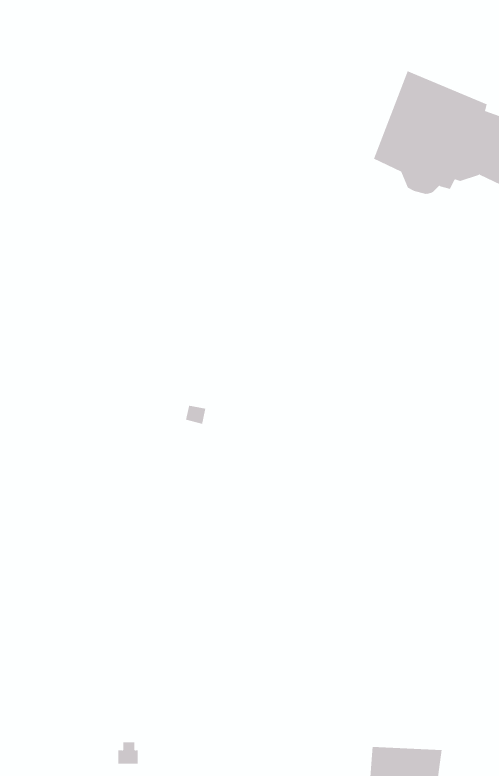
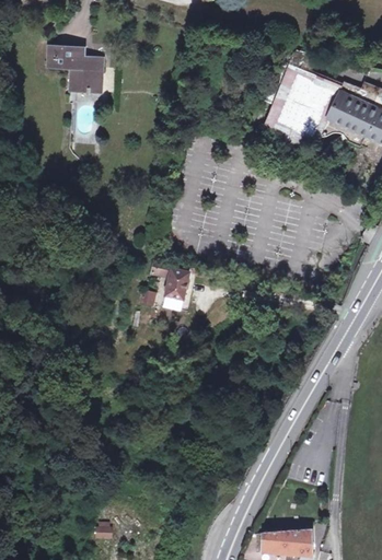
building: none -> [49,49,103,93]
building: none -> [149,261,186,299]

